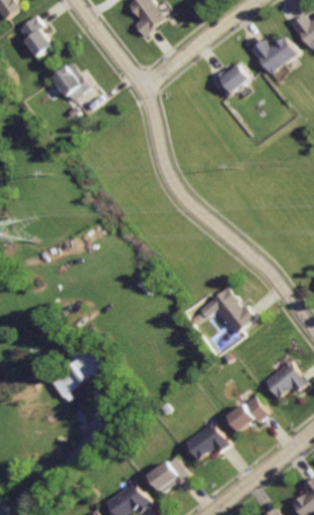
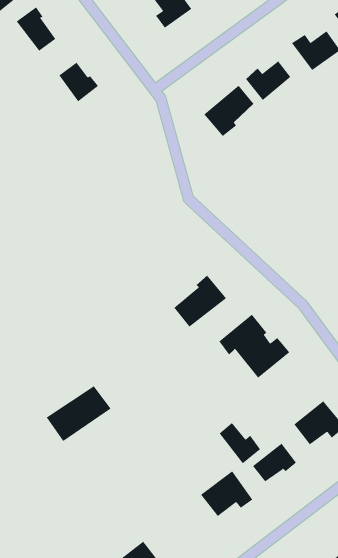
building: none -> [203,85,254,137]
building: none -> [173,275,227,327]
building: none -> [219,422,261,464]
building: [147,460,183,492] -> none

